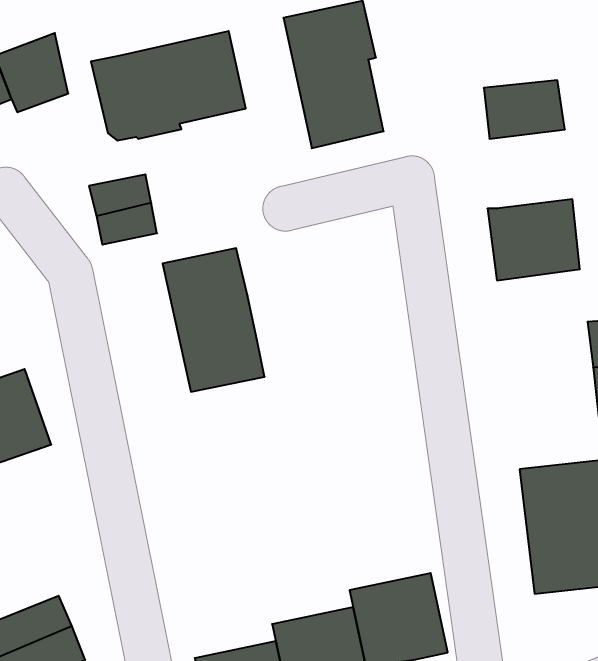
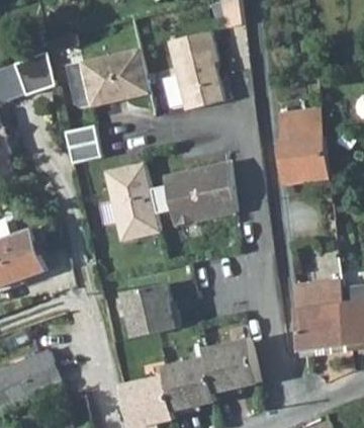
building: [484,80,565,139] -> [279,112,323,144]
building: none -> [149,164,234,227]
building: none -> [120,284,177,337]

